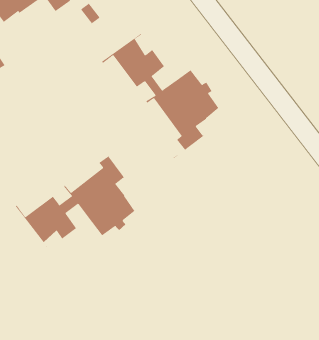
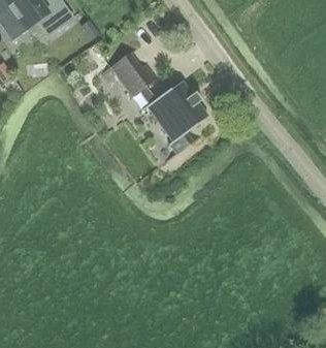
building: [15,143,135,250] -> none

